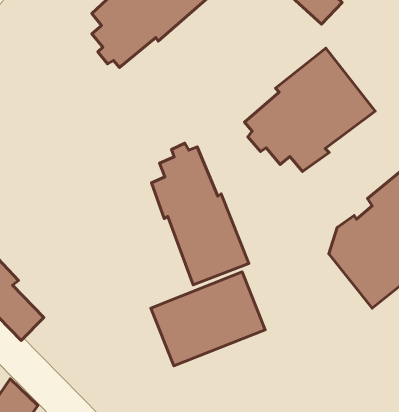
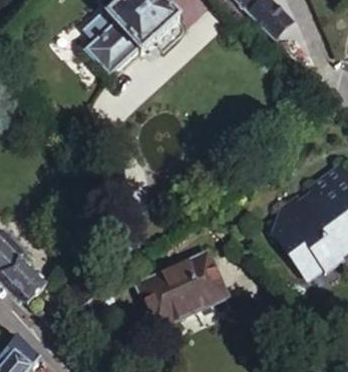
building: [244,48,375,171] -> none
building: [151,143,249,285] -> none

